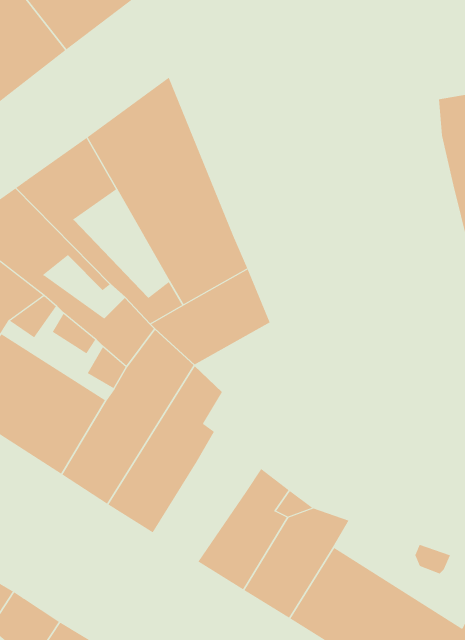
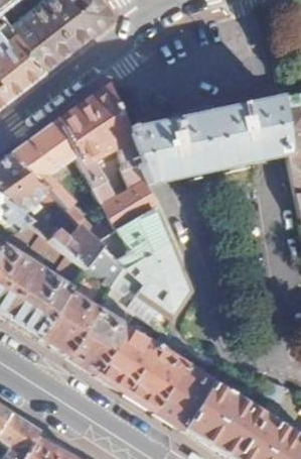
building: none -> [129,98,289,185]
building: none -> [125,240,194,333]
building: none -> [99,329,157,392]

